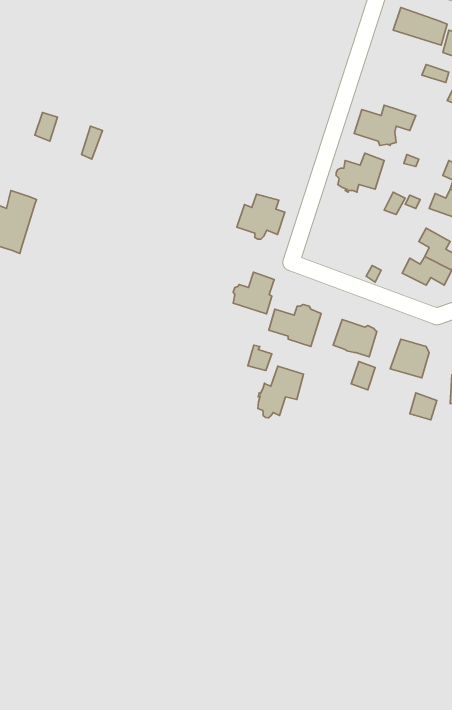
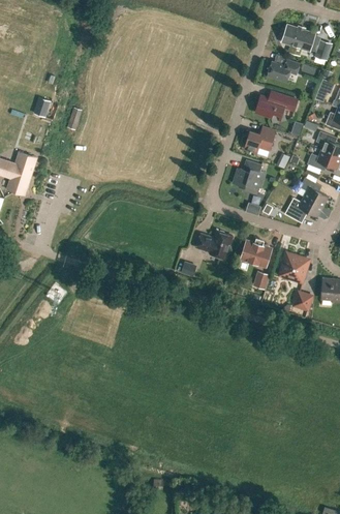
building: none -> [268,59,300,80]
building: [237,194,285,239] -> [233,160,266,191]
building: [233,272,274,314] -> none
building: [258,366,304,418] -> none

